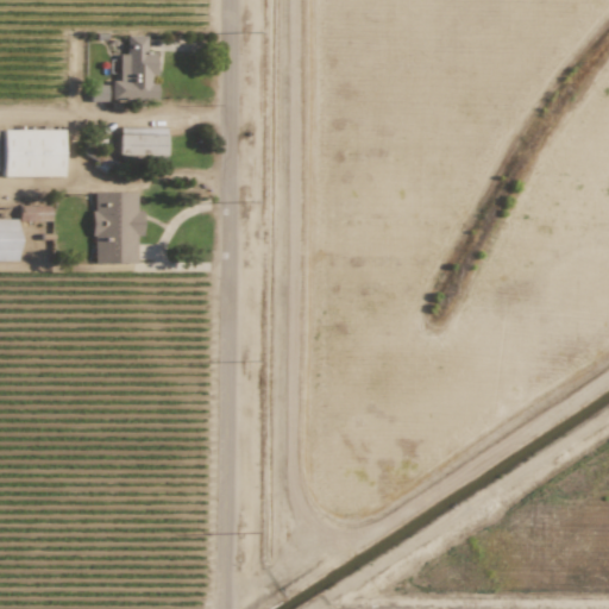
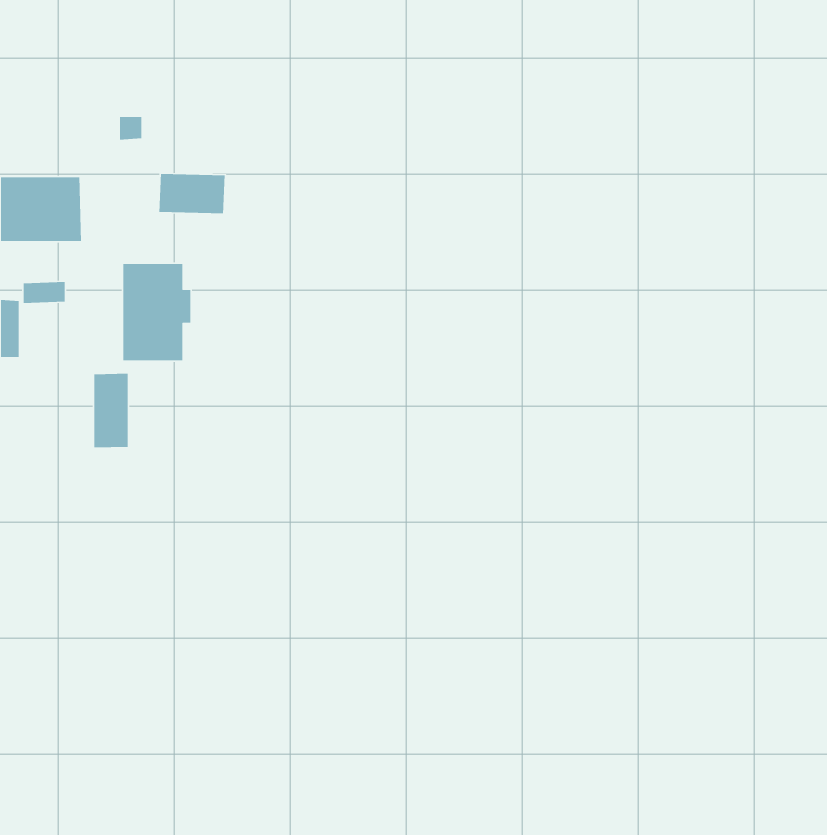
building: [114,36,159,100] -> none
building: none -> [93,373,129,448]

